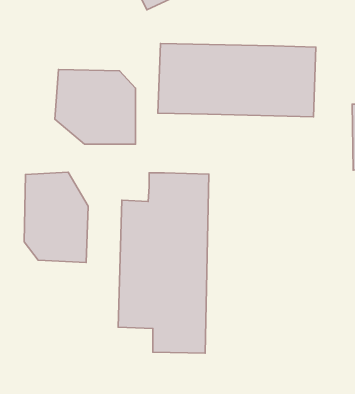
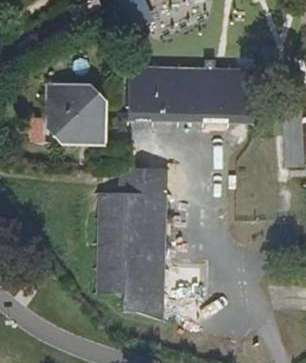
building: [24,172,88,262] -> none

